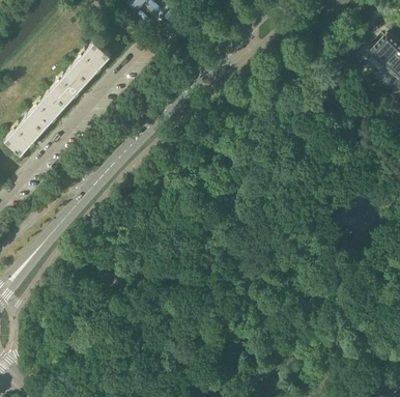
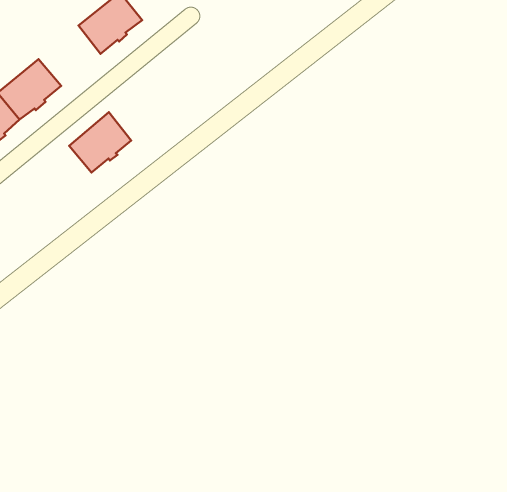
building: [49,66,87,106] -> [69,112,131,173]

